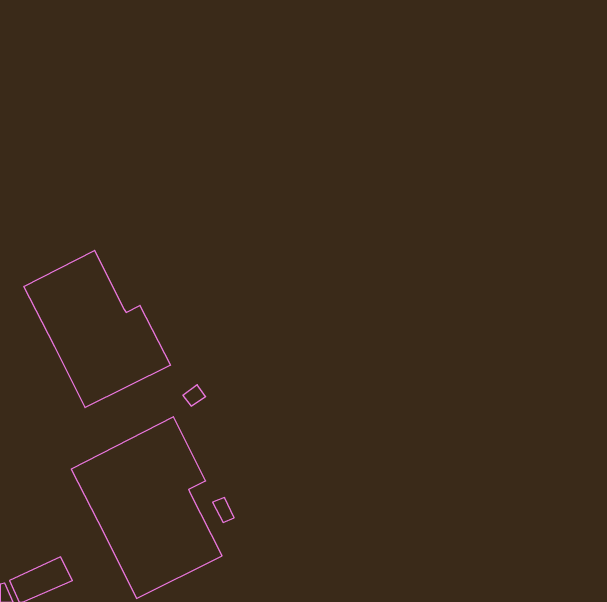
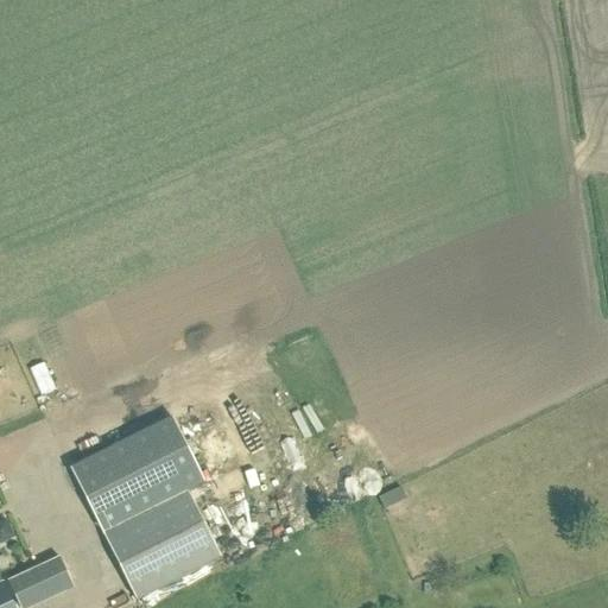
building: [24,250,170,408] -> none

